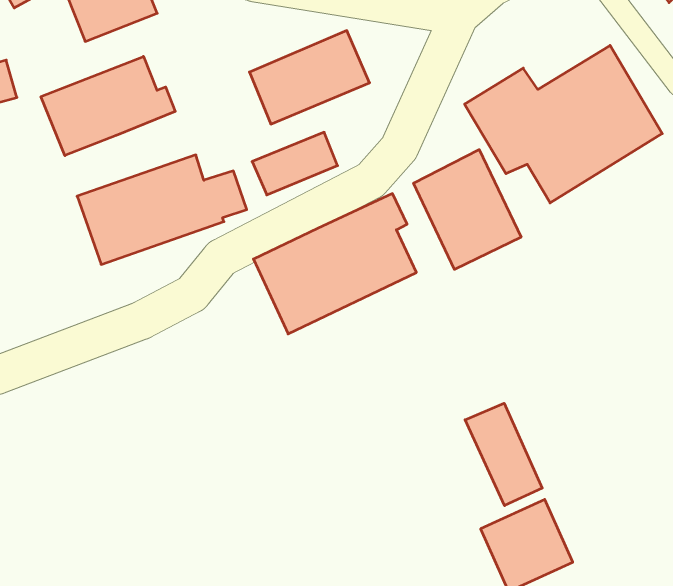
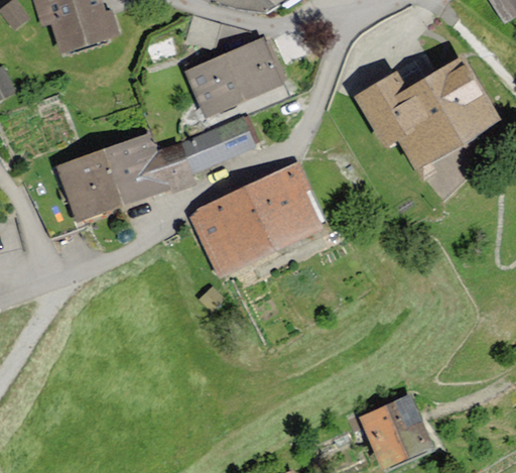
building: [41,56,175,156] -> none
building: [414,150,521,269] -> none
building: [465,403,542,506] -> none

